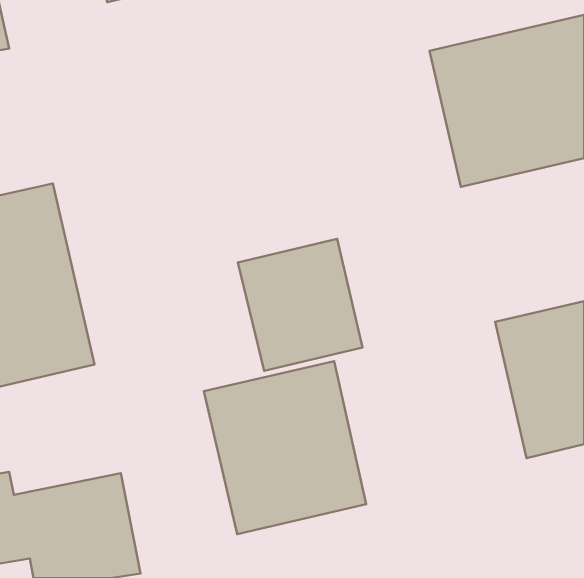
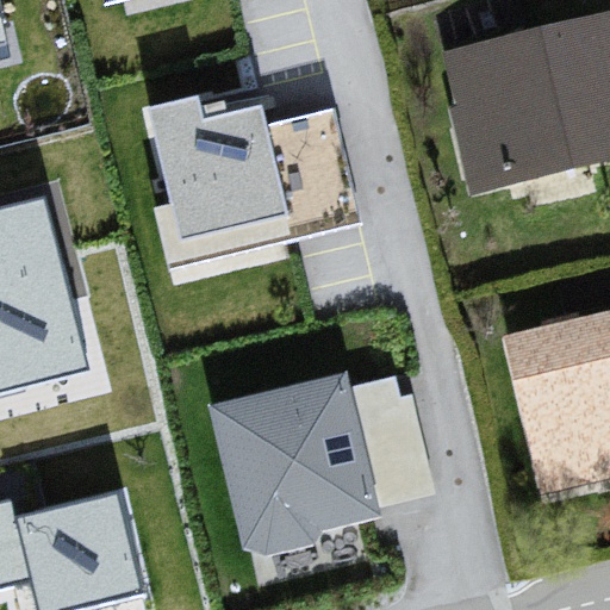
building: none -> [150,97,290,263]
building: [238,239,363,371] -> none

